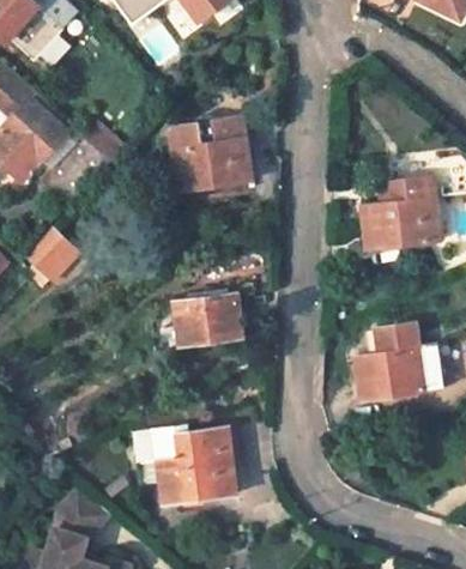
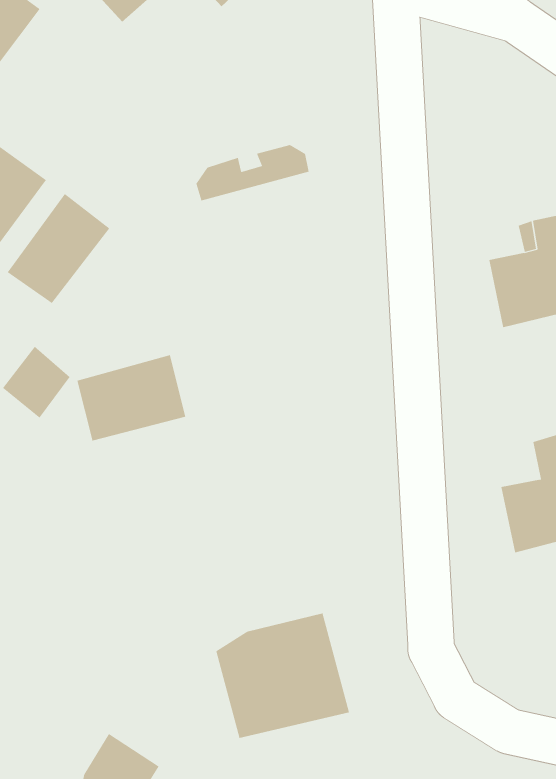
building: [173,137,252,192] -> none
building: [173,293,242,345] -> [76,354,186,441]

